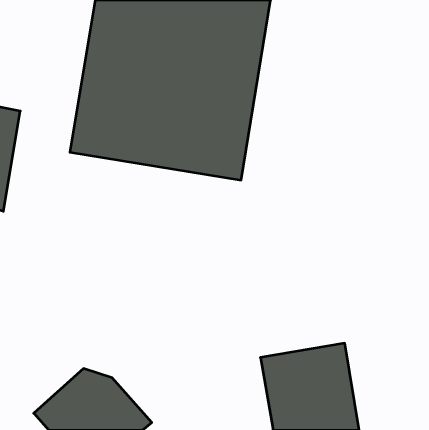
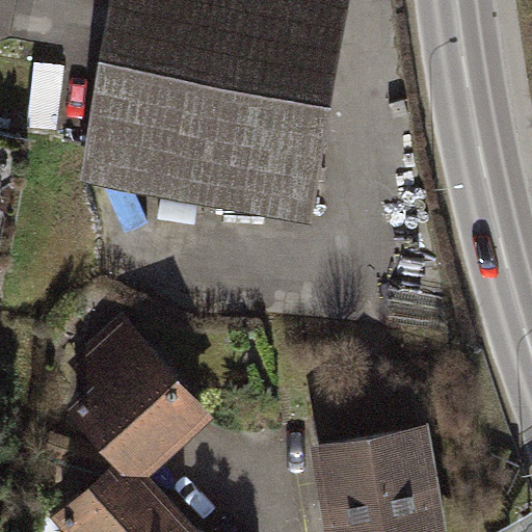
building: none -> [53,314,201,467]

